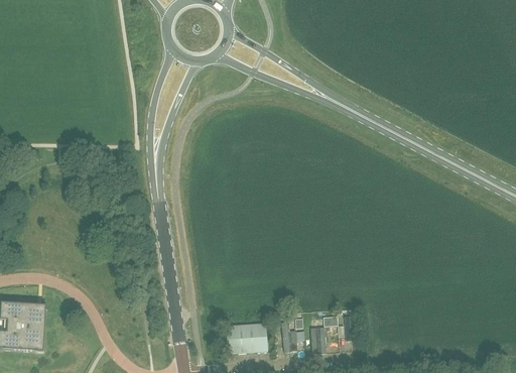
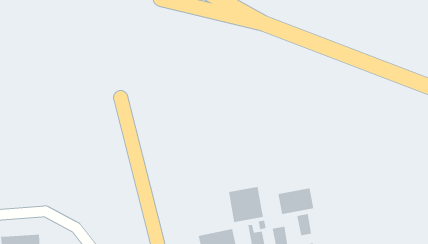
building: none -> [228,186,263,223]
building: none -> [278,187,314,215]

